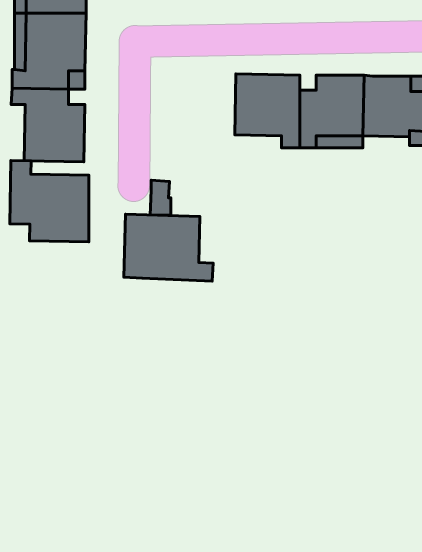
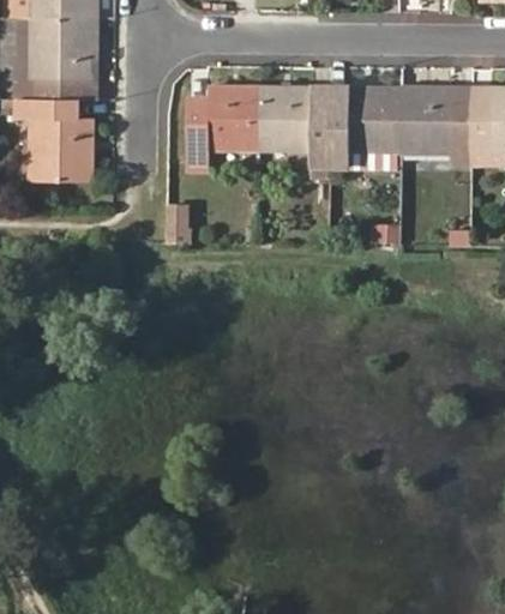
building: none -> [188,84,261,163]
building: [10,161,89,242] -> none
building: [124,214,213,281] -> none

